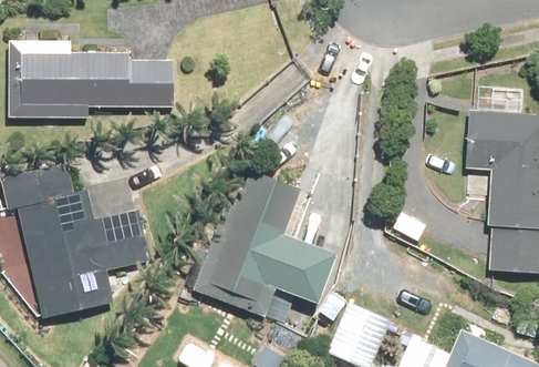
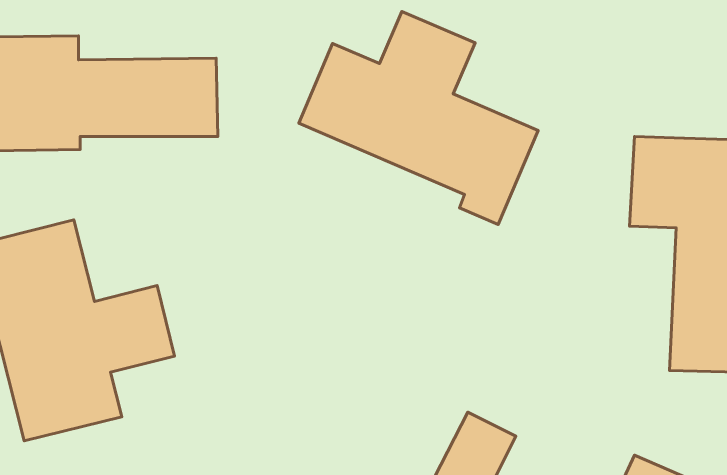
building: none -> [299,11,538,225]
building: [190,169,346,317] -> none

